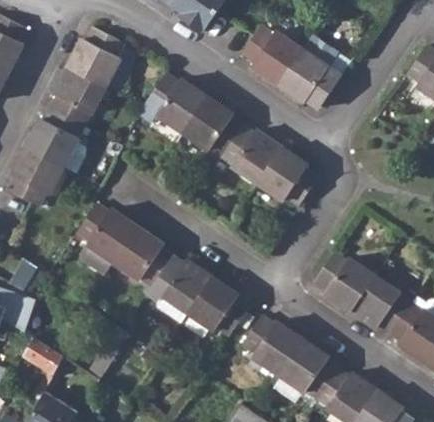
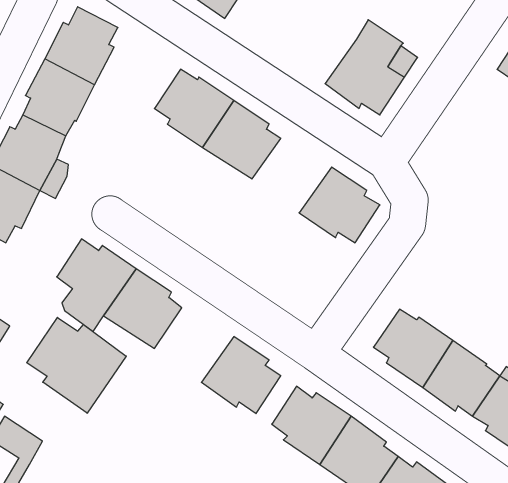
building: [243,25,304,83] -> none
building: [224,125,285,182] -> none
building: [149,255,210,312] -> none
building: none -> [27,317,126,413]

